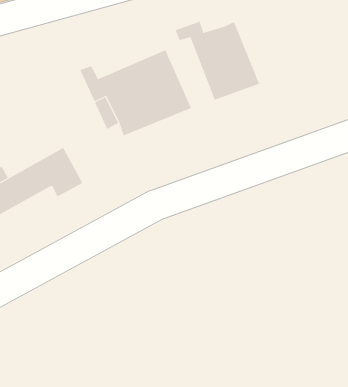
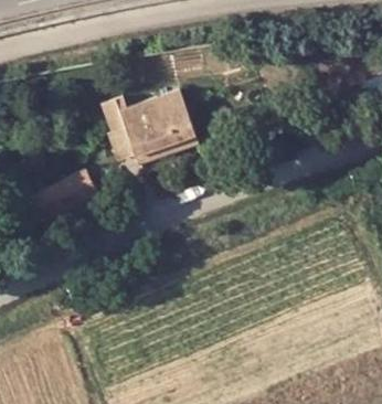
building: [175,21,260,101] -> none

